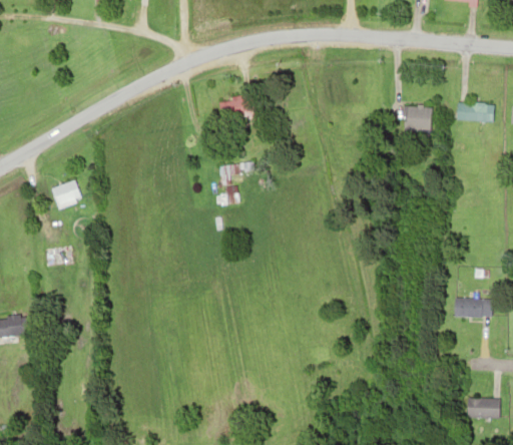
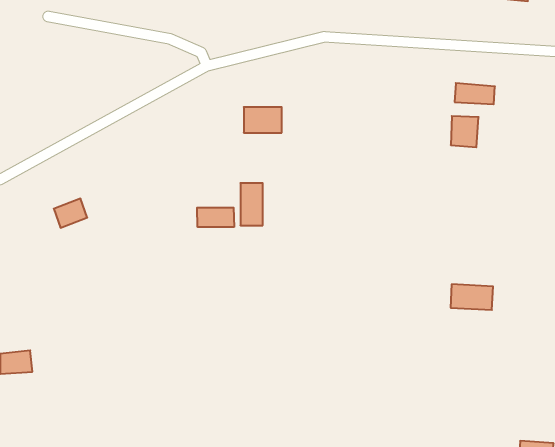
building: [456,101,492,120] -> [455,83,495,104]
building: none -> [197,208,234,227]
building: [453,296,491,319] -> [451,284,493,310]

